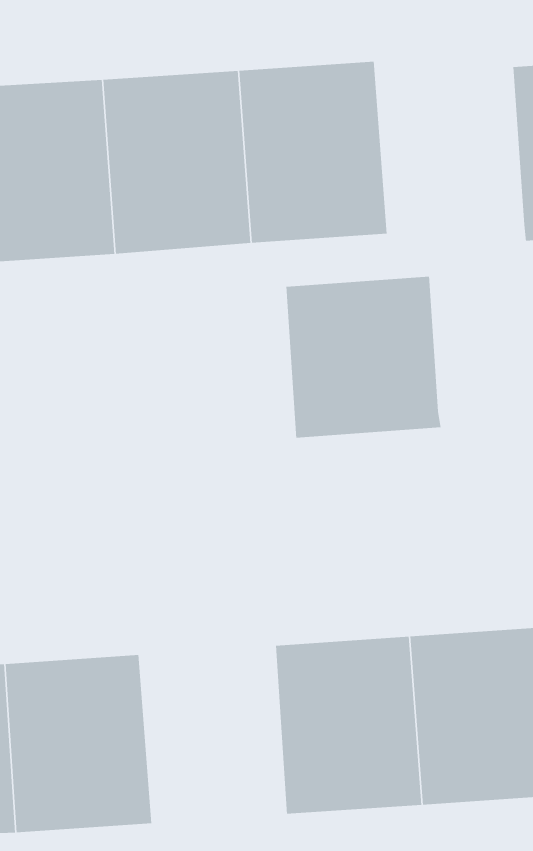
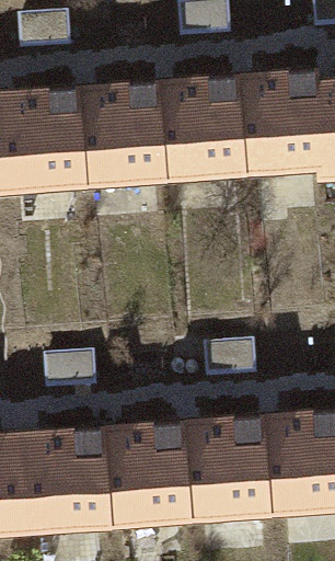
building: none -> [238,68,326,176]
building: [286,276,441,439] -> none
building: none -> [97,422,185,528]

